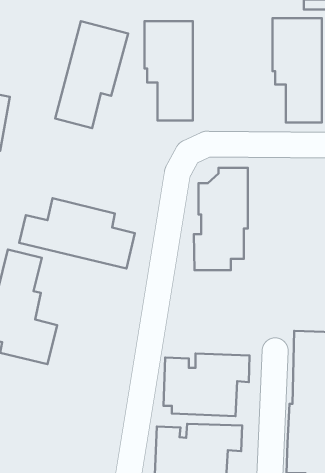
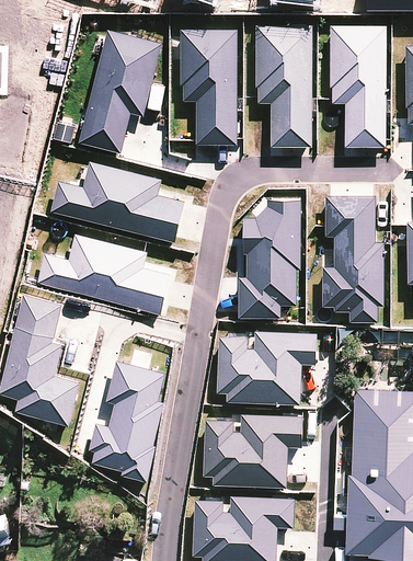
building: none -> [255,25,311,146]
building: none -> [50,161,184,242]
building: none -> [322,195,383,321]
building: none -> [217,331,316,403]
building: none -> [89,359,165,480]

